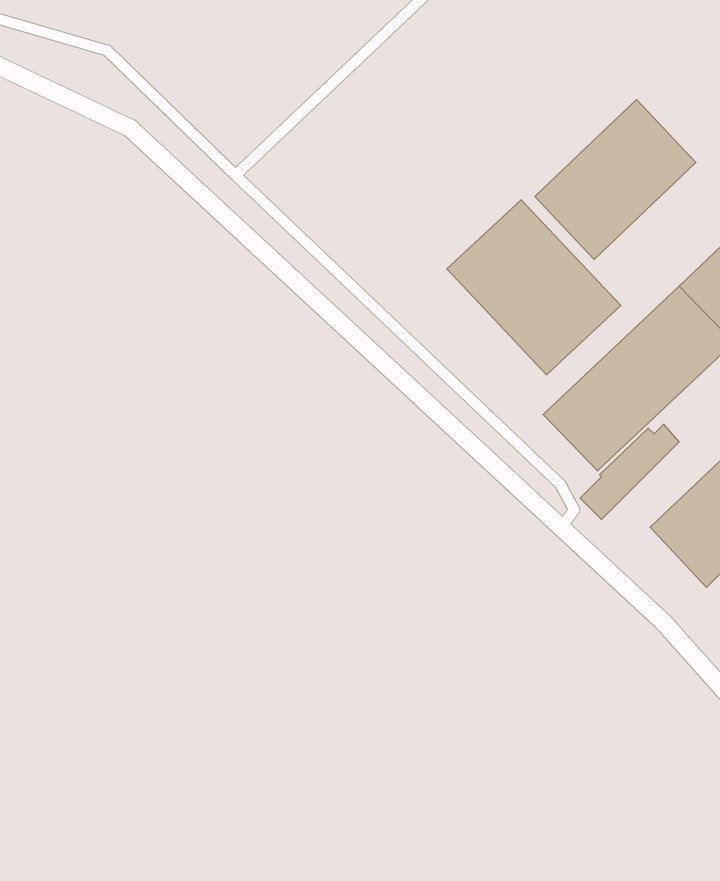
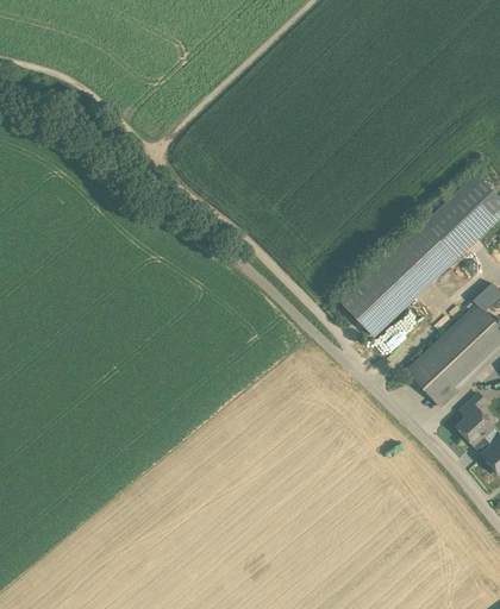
building: [535,100,696,260] -> none
building: [447,200,621,375] -> none

